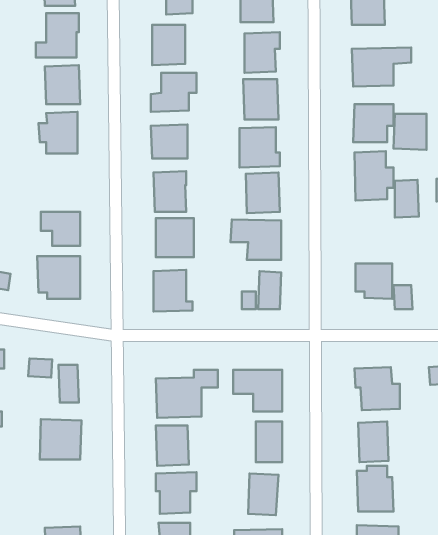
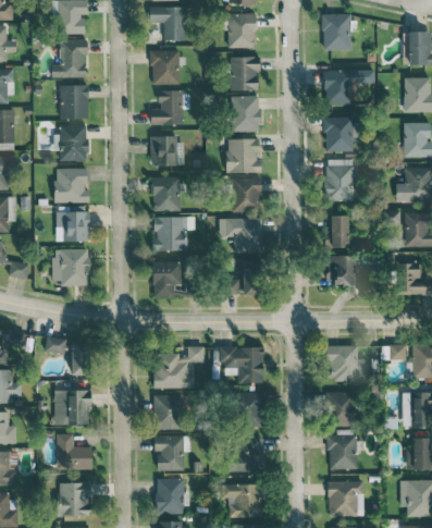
building: [394,114,427,150] -> none
building: none -> [54,169,87,202]
building: [395,180,419,218] -> [329,216,349,248]
building: none -> [57,433,92,470]

